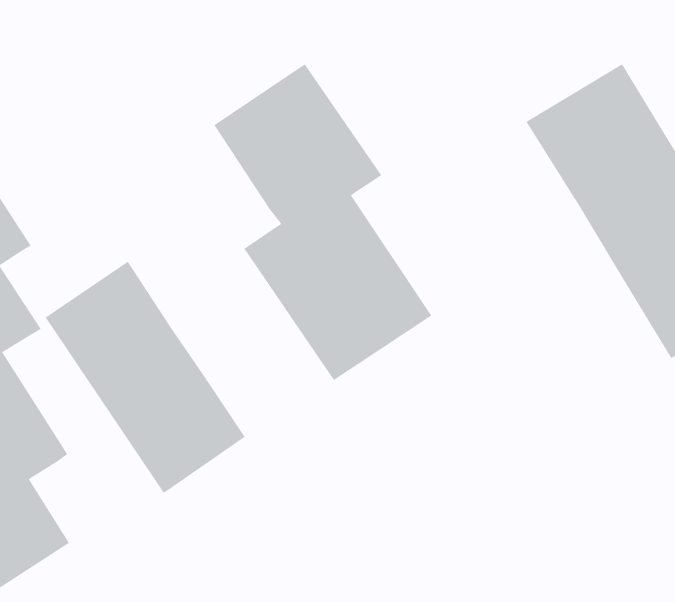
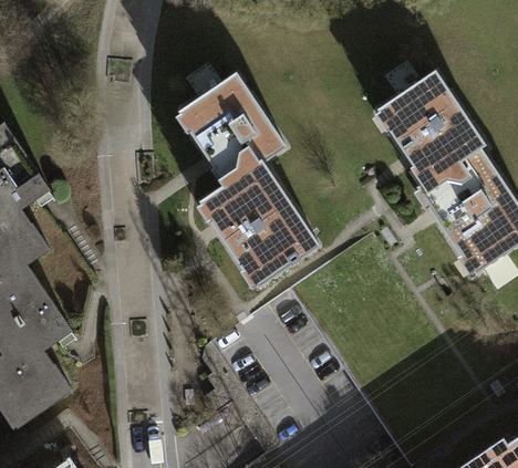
building: [45,261,246,494] -> none

